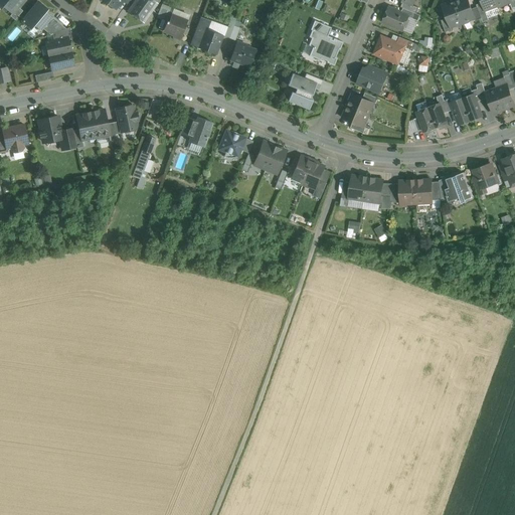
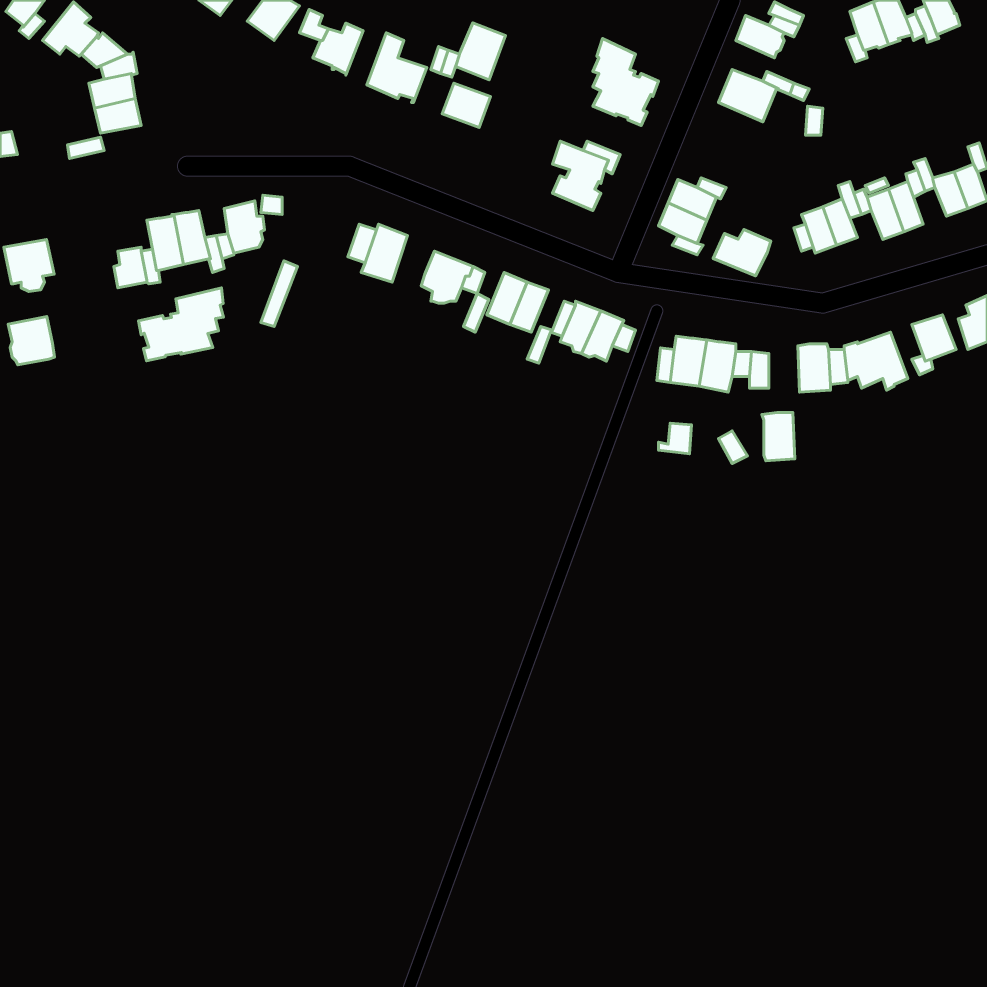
building: none -> [455,23,506,80]
building: [357,67,387,92] -> [713,230,771,276]
building: [38,117,62,142] -> [8,317,55,365]
building: none -> [139,288,223,361]
building: [399,180,416,205] -> [762,413,795,461]

